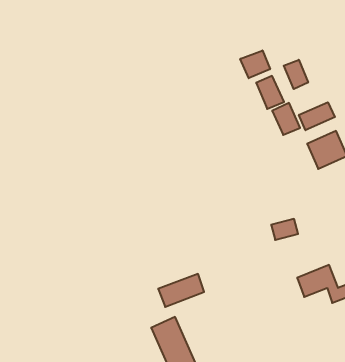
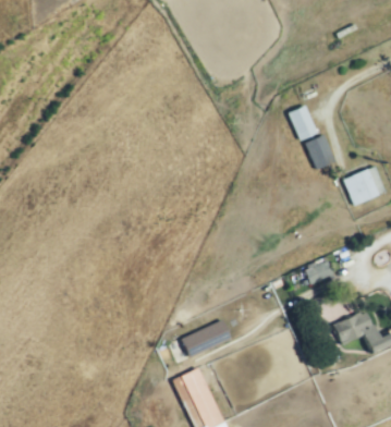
building: [240,50,270,78] -> none
building: [284,60,308,89] -> none
building: [299,102,335,130] -> none

